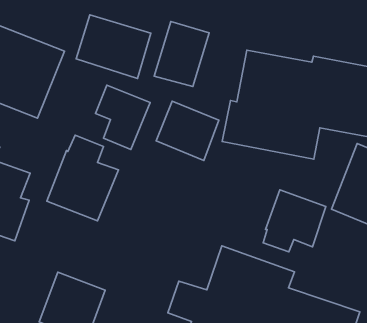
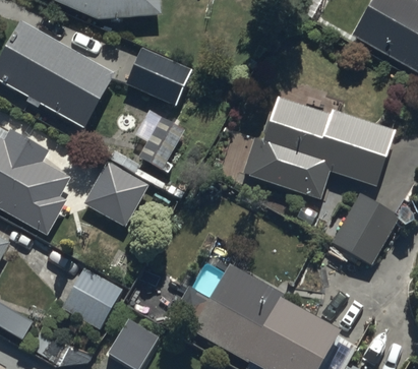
building: [154,21,209,87] -> none
building: [156,101,219,161] -> none
building: [263,190,326,252] -> none

